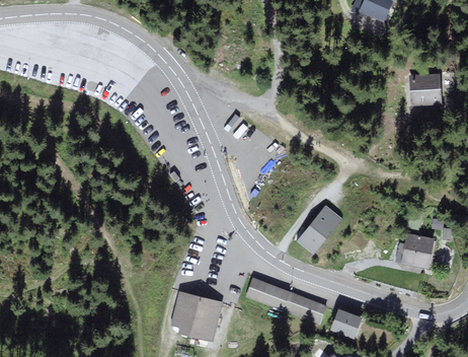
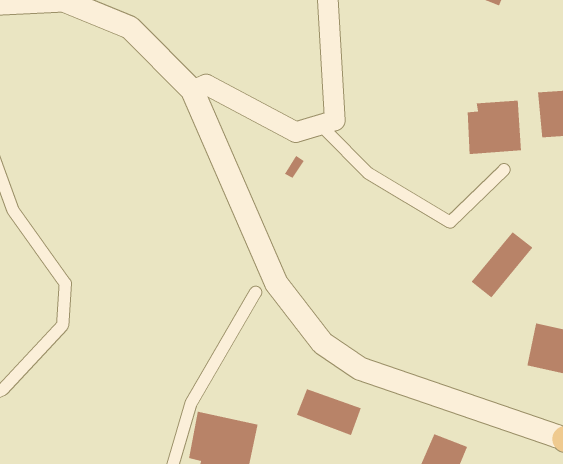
building: none -> [467,100,522,155]
building: [298,207,340,253] -> [471,231,533,298]
building: [284,291,327,324] -> none

